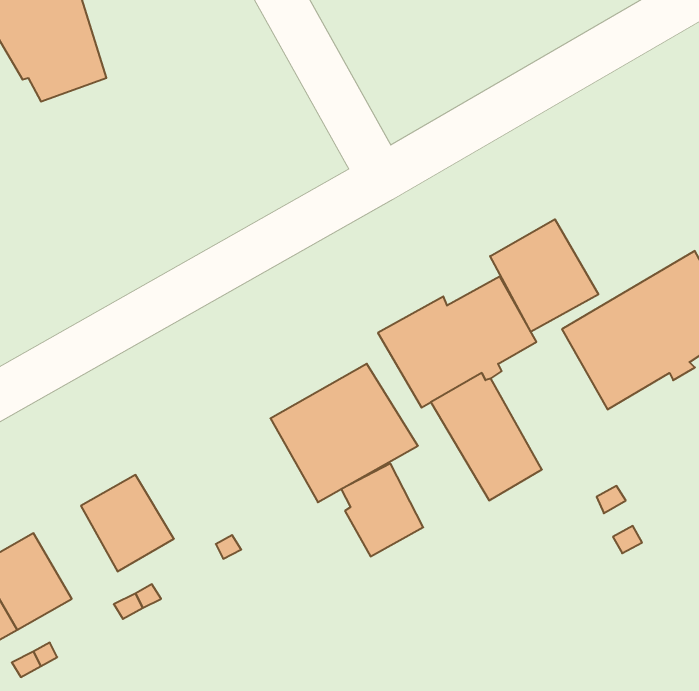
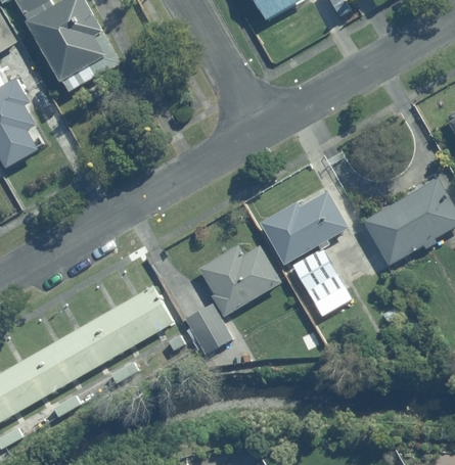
building: [490,219,598,332] -> none
building: none -> [124,285,174,338]
building: [341,464,423,556] -> [185,304,231,356]
building: none -> [66,320,113,372]

